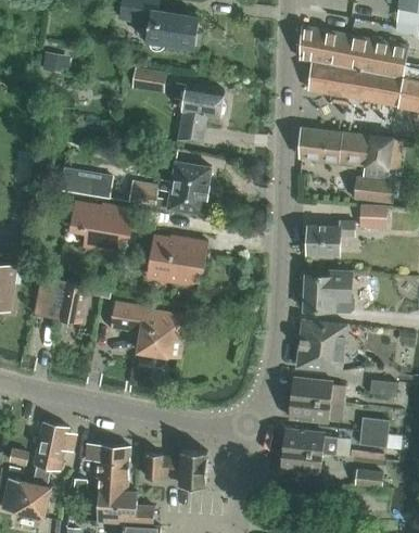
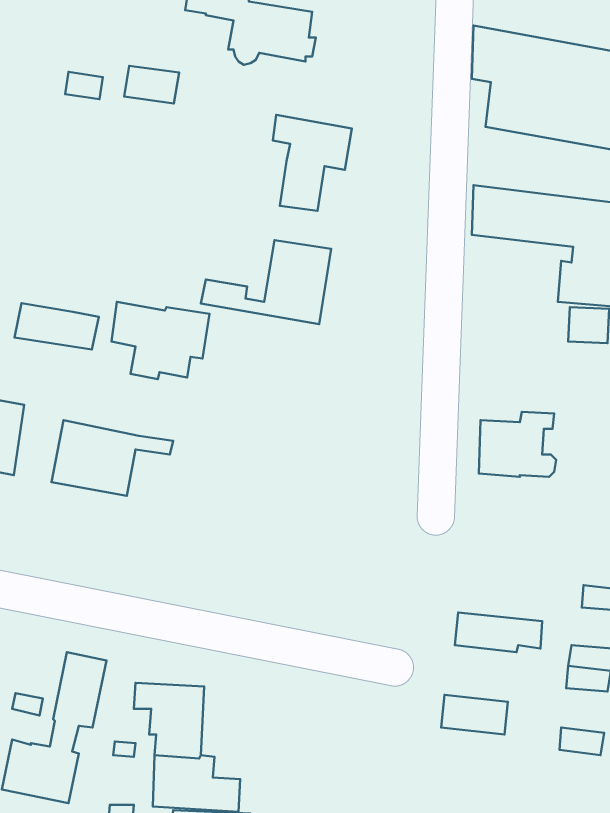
building: [132,68,167,92] -> [124,66,179,104]
building: [60,168,113,198] -> [15,303,99,349]
building: [306,221,354,255] -> none
building: [148,234,207,285] -> none
building: [111,302,187,358] -> none
building: [296,320,347,371] -> none
building: [291,377,346,403] -> none
building: [282,429,337,455] -> none
building: [145,448,207,484] -> none

